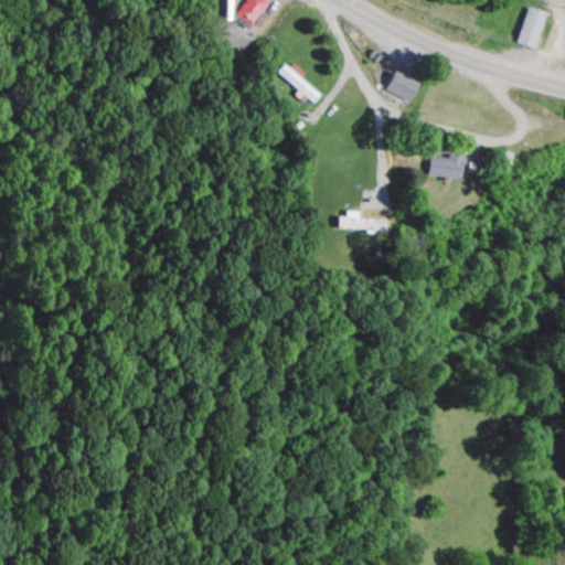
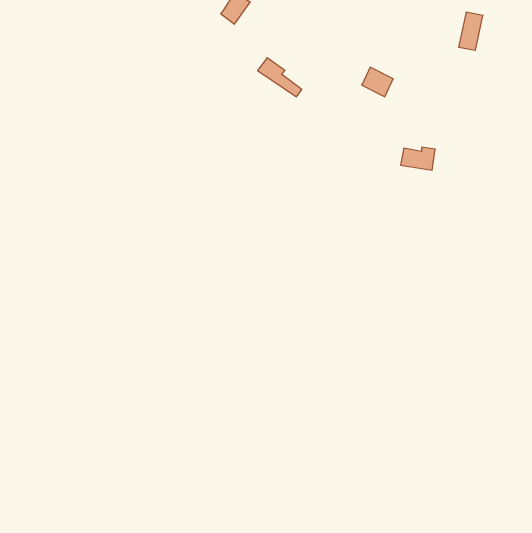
building: [521,8,546,47] -> [459,12,483,50]
building: [337,210,390,232] -> none

